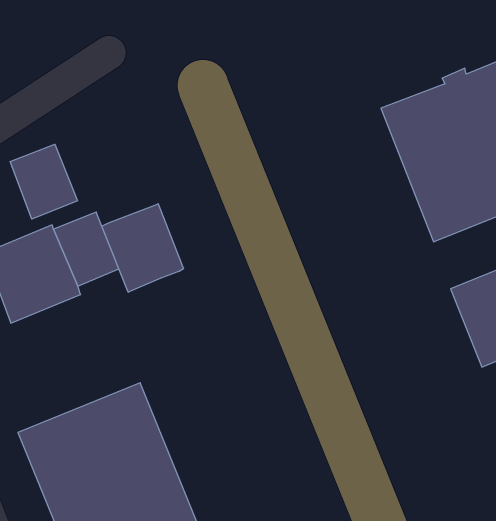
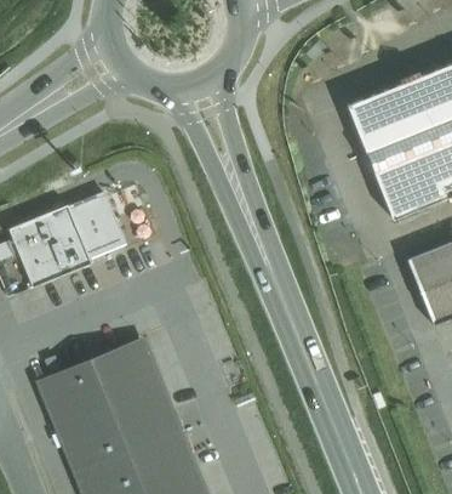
building: [10,144,78,219] -> none
building: [102,204,184,292] -> none

